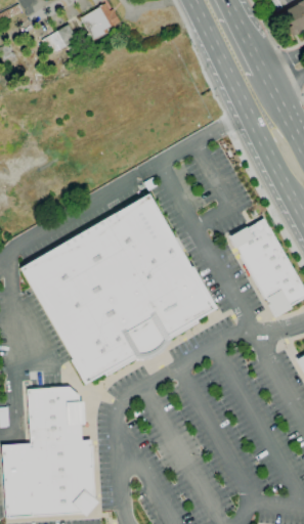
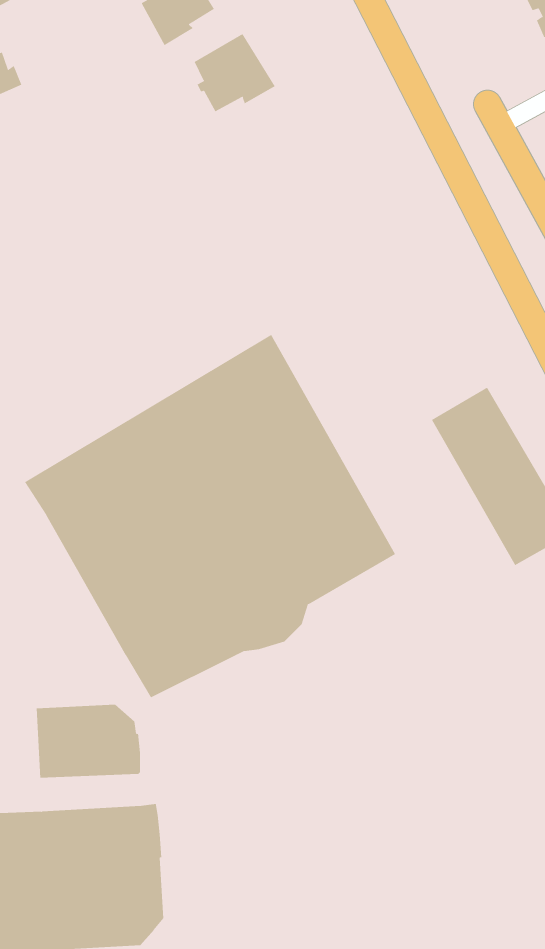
building: [43,25,79,52] -> none
building: none -> [194,33,275,112]
building: [29,424,82,443] -> none

